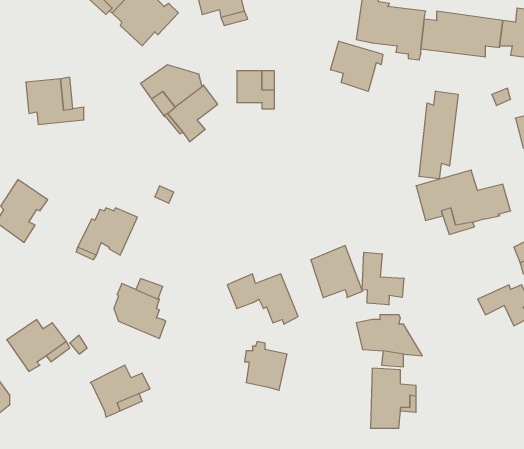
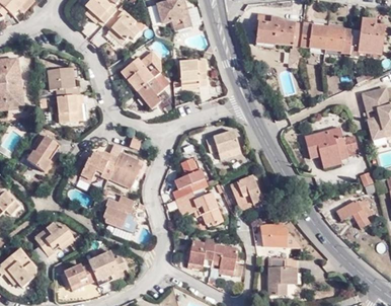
building: [331,41,383,91] -> none
building: [419,91,458,179] -> none
building: none -> [55,93,89,123]
building: none -> [204,129,239,155]
building: none -> [108,150,144,188]
building: none -> [173,159,208,200]
building: [362,252,404,305] -> none
building: none -> [210,244,242,276]
building: none -> [63,262,97,289]

